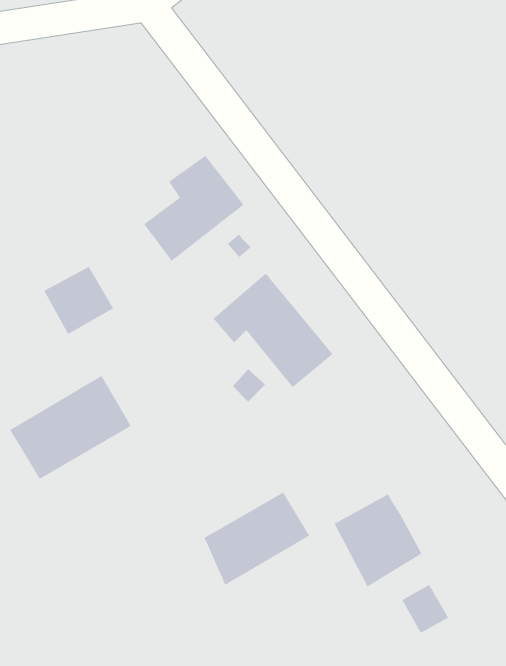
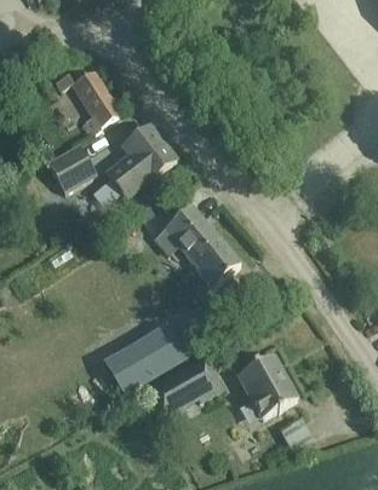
building: none -> [57,67,122,132]
building: [43,266,114,335] -> [48,143,97,190]
building: [9,375,132,480] -> [104,323,188,394]

